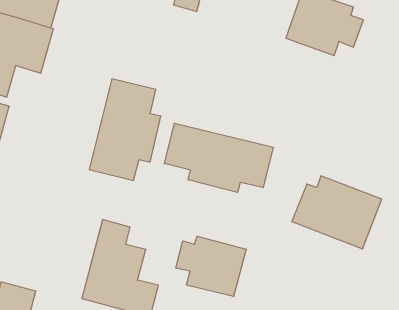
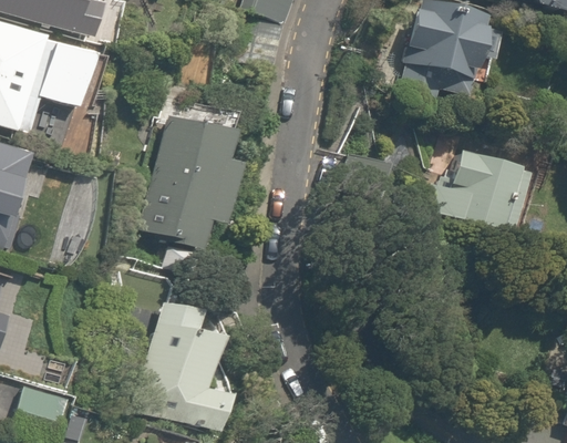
building: [164,123,273,192] -> none
building: [292,176,382,249] -> [419,145,538,243]
building: [176,236,246,297] -> none

